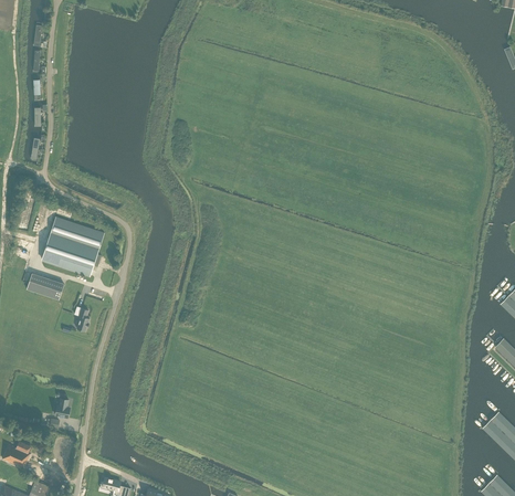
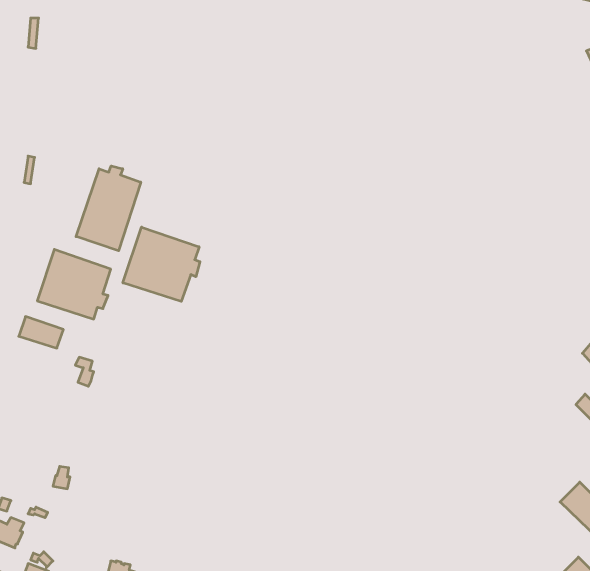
building: none -> [76,166,141,251]
building: none -> [123,227,200,301]

